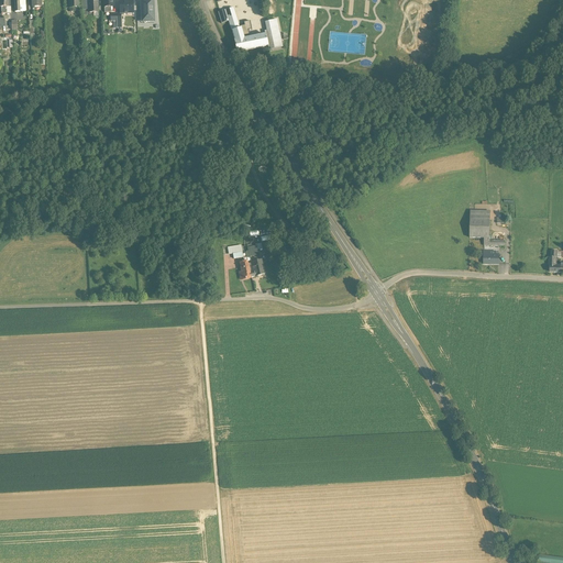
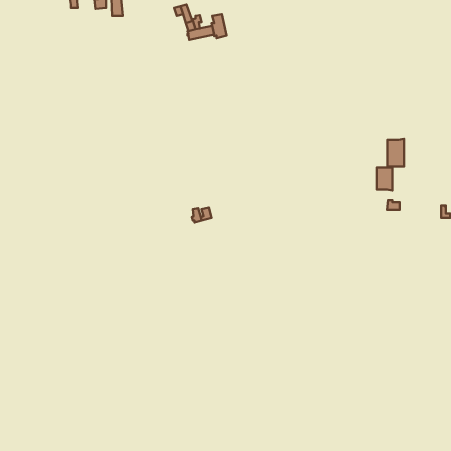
building: none -> [388,139,404,167]

